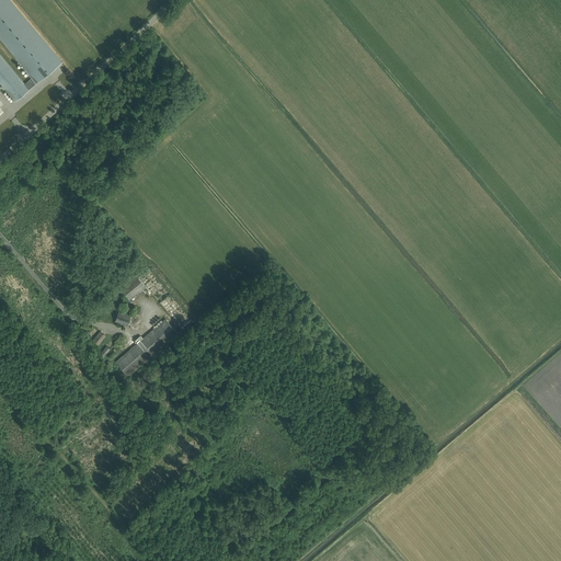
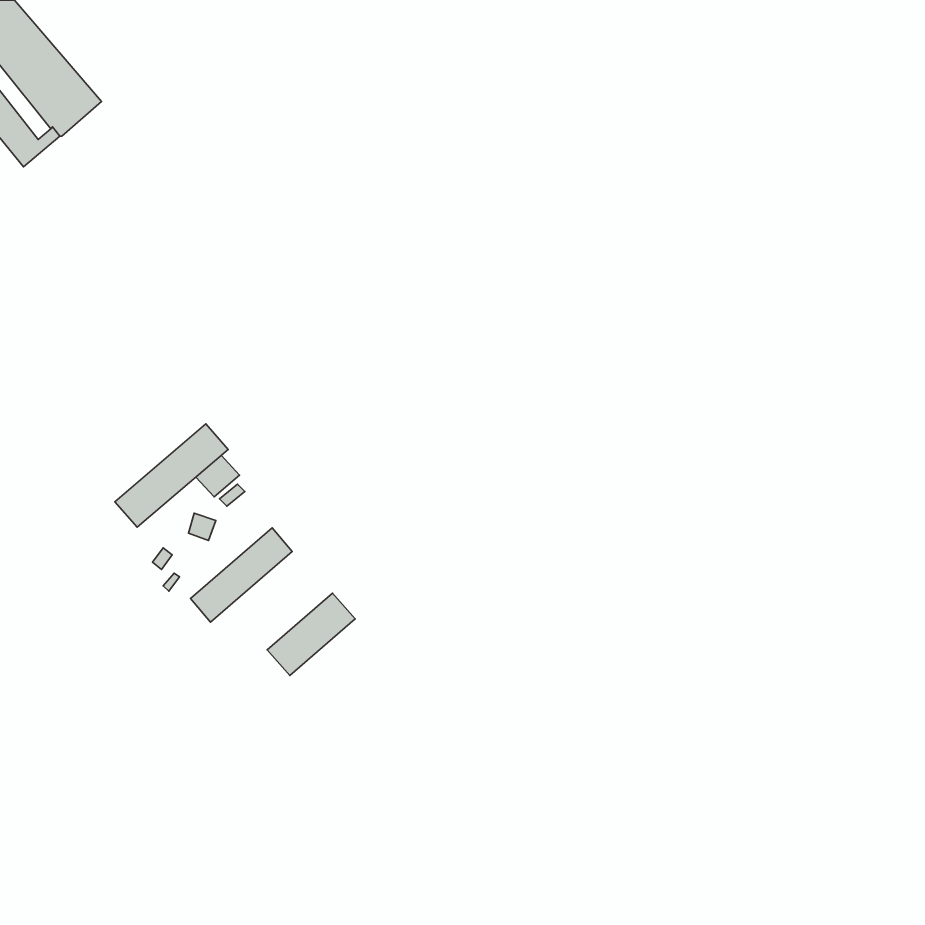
building: none -> [115,424,228,527]
building: none -> [267,593,355,675]

